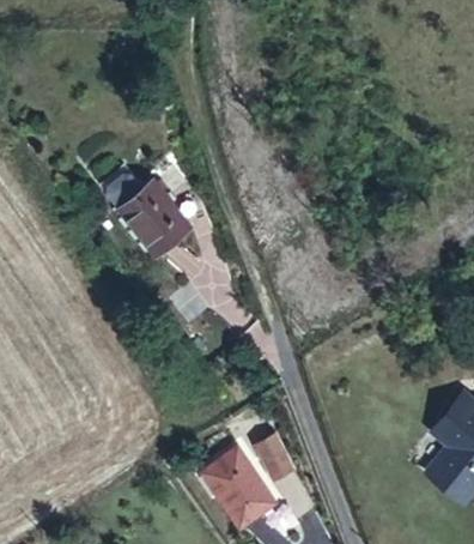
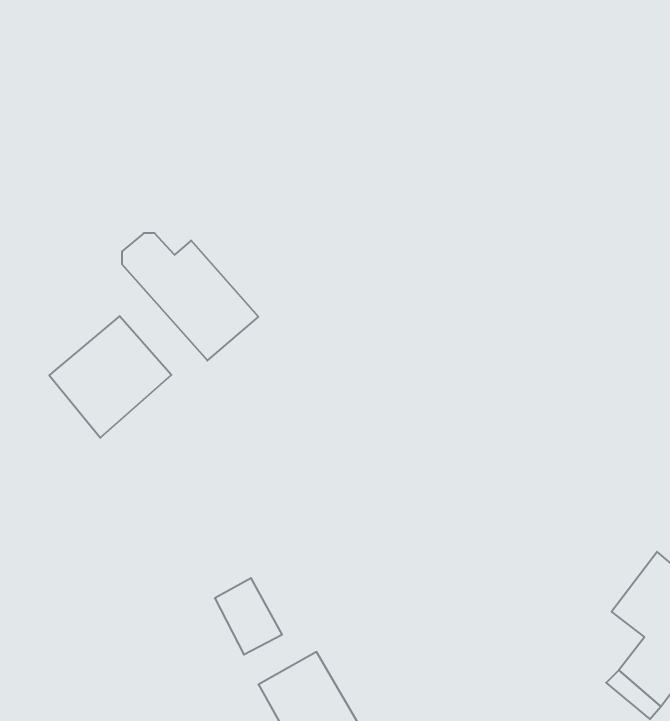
building: none -> [49,316,171,438]
building: [250,429,294,479] -> [215,578,282,655]

